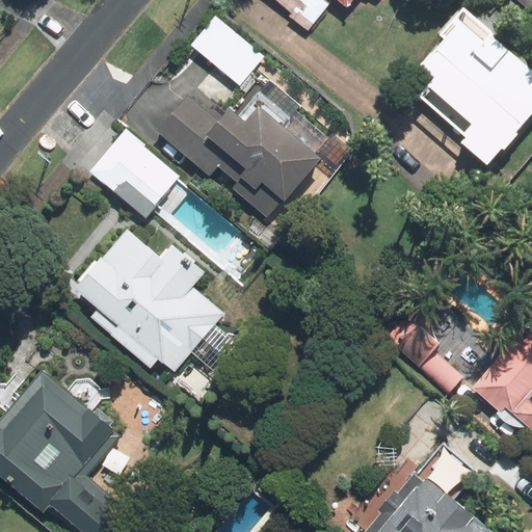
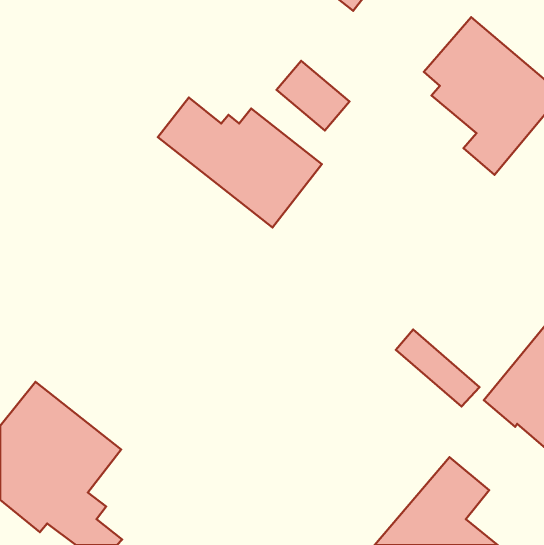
building: [196,14,267,81] -> [277,61,350,130]
building: [95,124,189,216] -> none
building: [70,229,225,375] -> none

